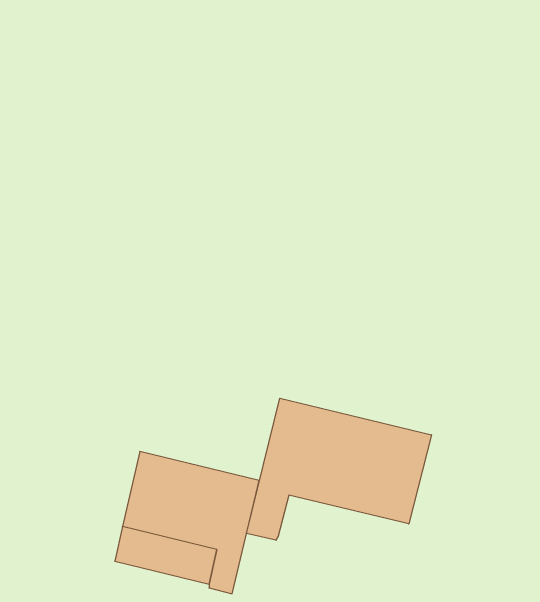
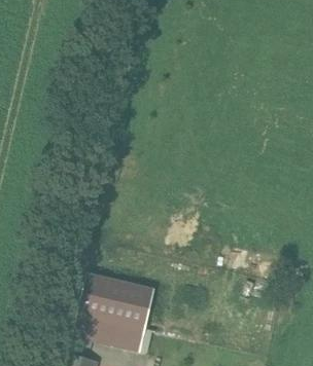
building: [246,398,431,540] -> none

